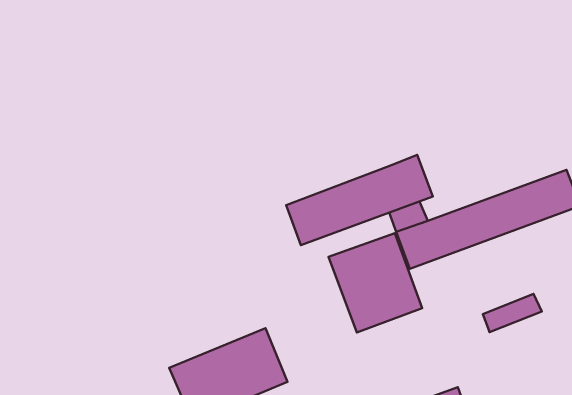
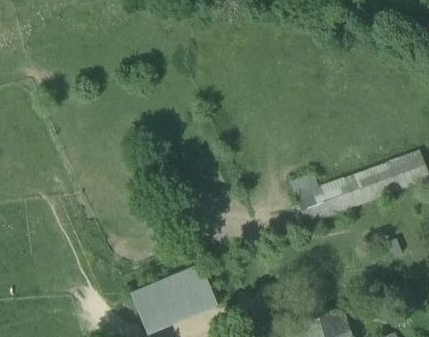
building: [286,155,433,245] -> none
building: [329,233,422,333] -> none

